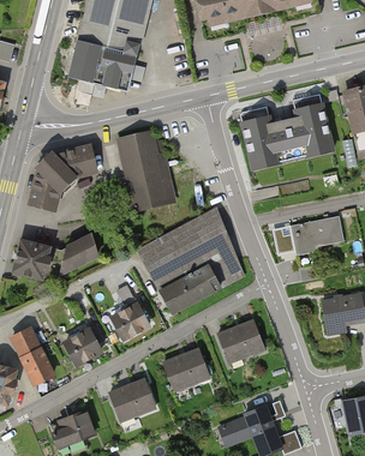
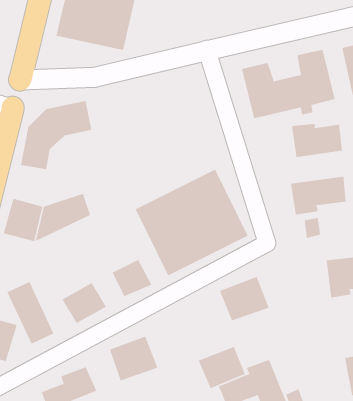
building: [110,131,178,215] -> none
building: none -> [292,123,342,158]
building: [163,346,210,388] -> [198,346,246,389]

